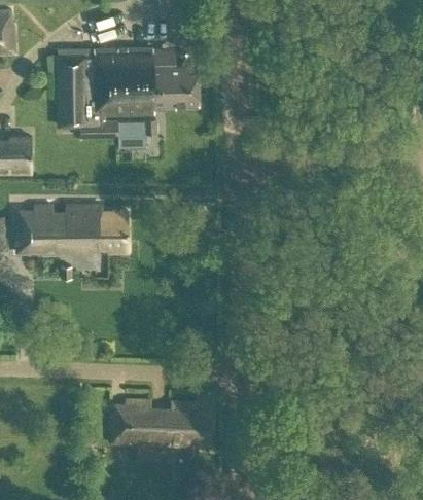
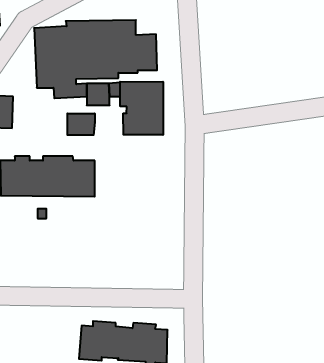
building: none -> [120,82,163,135]
building: none -> [67,113,95,135]

